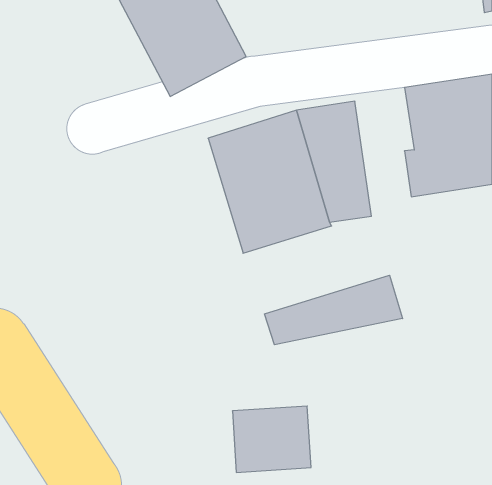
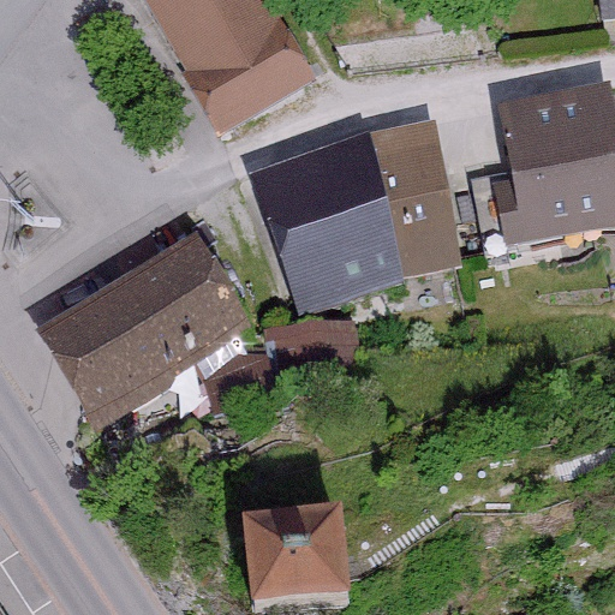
building: none -> [47,235,253,422]
building: [265,275,403,345] -> none

